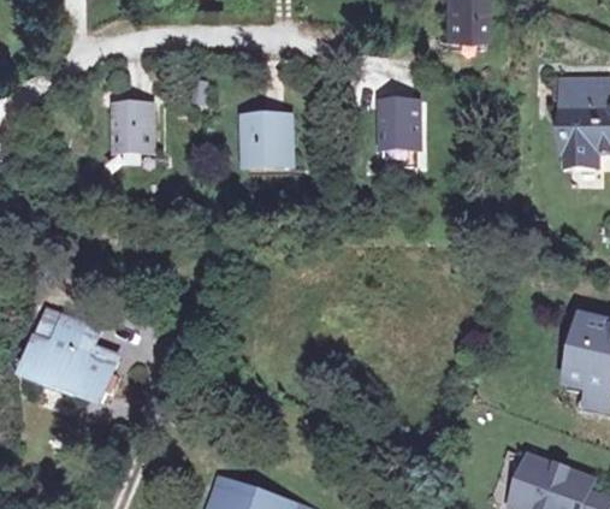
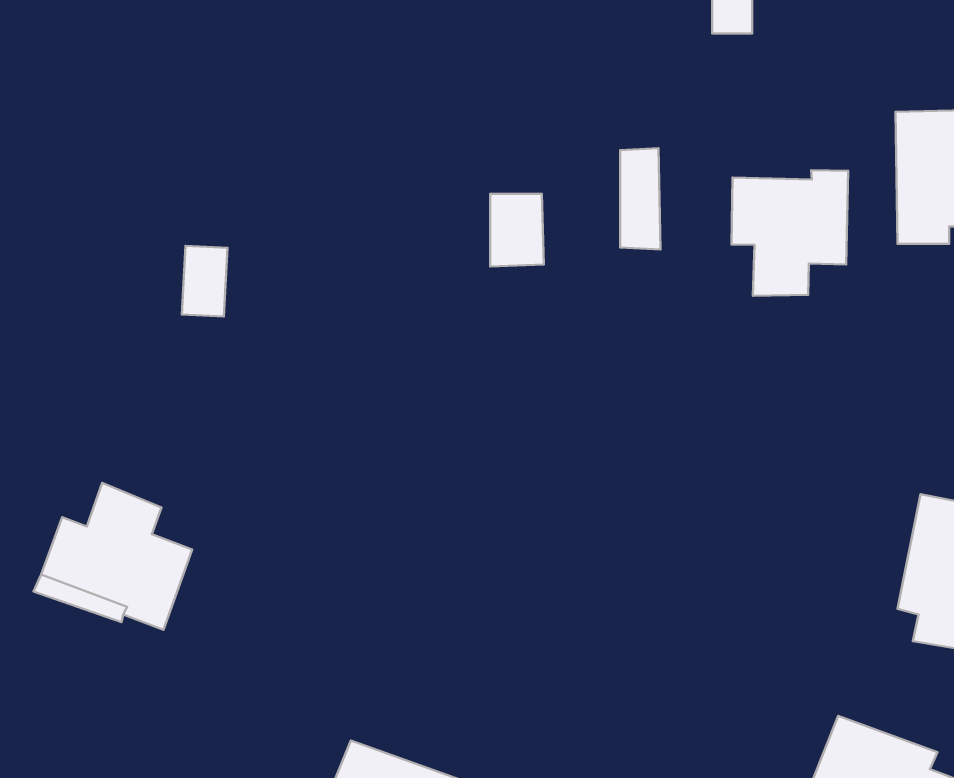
building: [123,107,152,152] -> [182,246,228,317]
building: [254,119,288,165] -> [490,194,544,266]
building: none -> [731,170,848,296]

